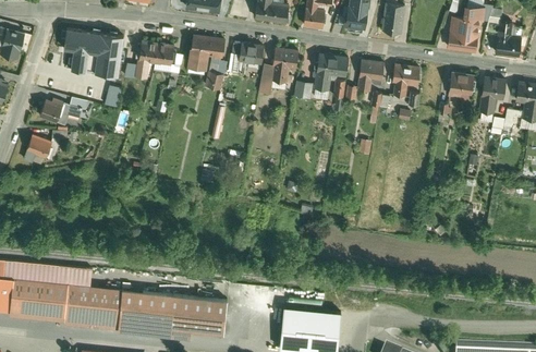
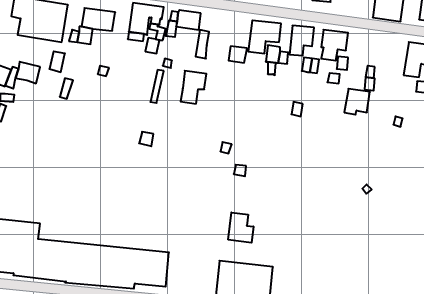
building: [271,46,299,81] -> [181,71,206,104]
building: [449,70,476,97] -> [344,89,370,115]
building: none -> [228,212,253,243]

